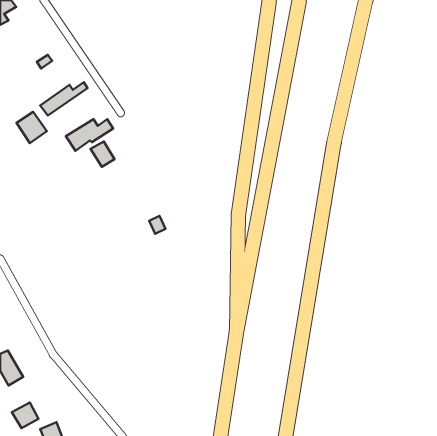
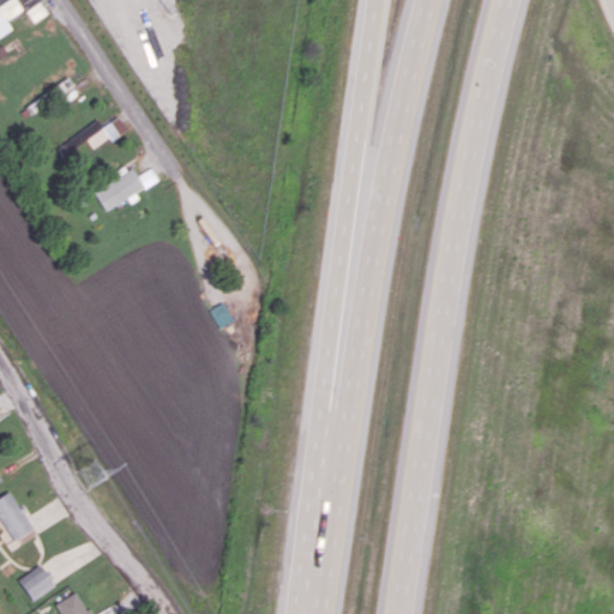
building: [16,112,47,143] -> none
building: [91,141,114,167] -> none

